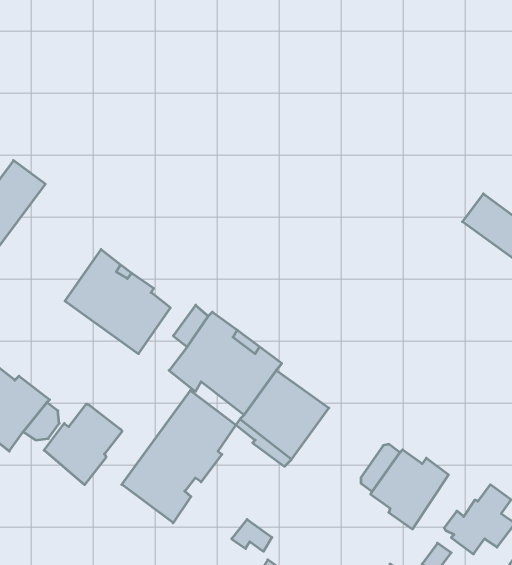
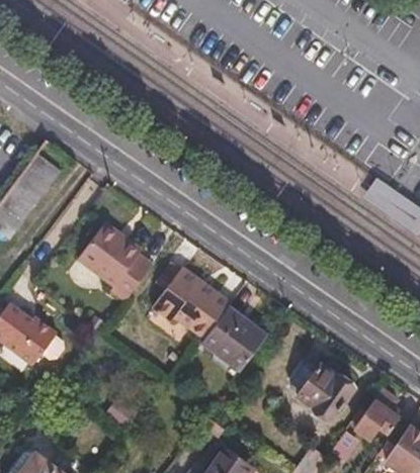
building: [122,390,236,523] -> none
building: [44,404,122,485] -> none

